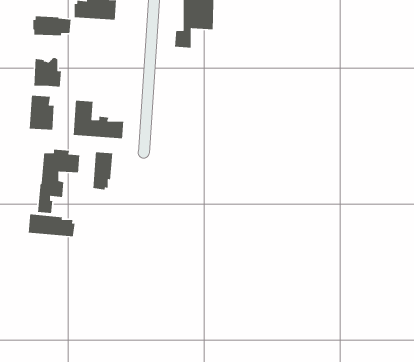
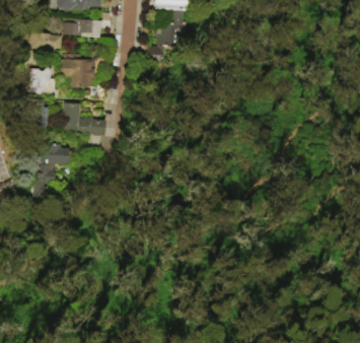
building: none -> [63,59,96,86]
building: [92,151,113,190] -> none
building: [28,213,76,237] -> none

